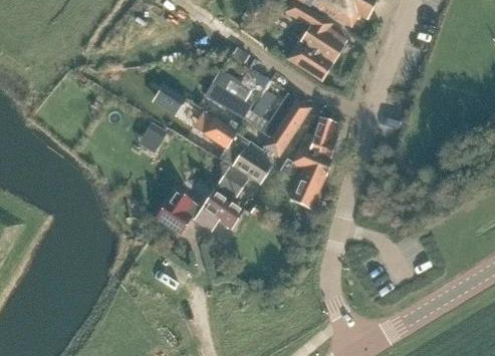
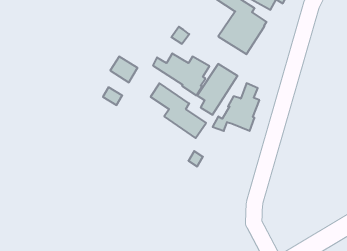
building: [216,165,248,198] -> none
building: [291,166,325,211] -> none
building: [156,190,244,235] -> none

